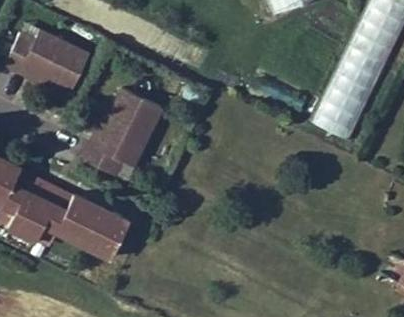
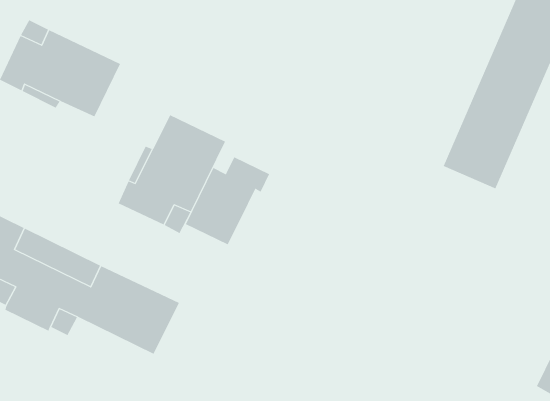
building: none -> [185,157,270,245]

